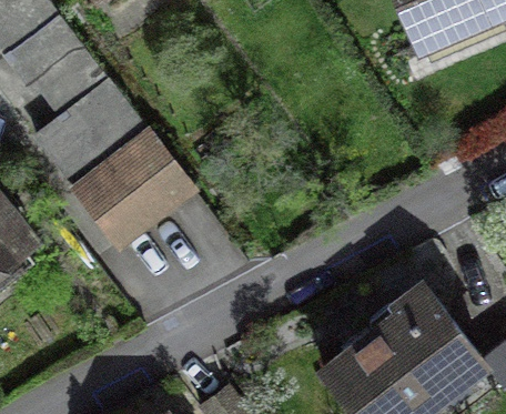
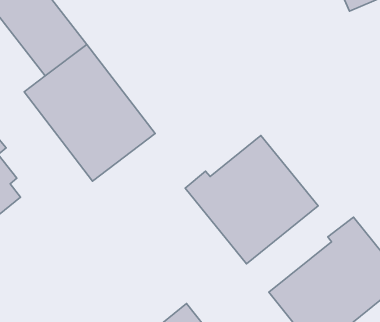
building: none -> [185,135,318,264]

